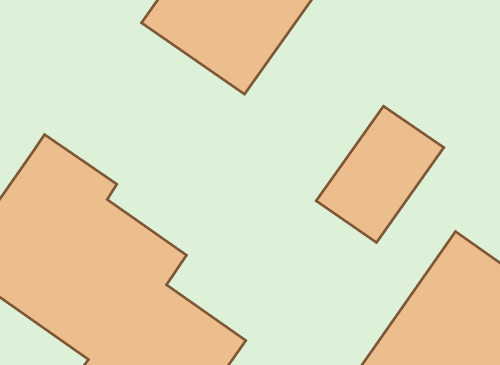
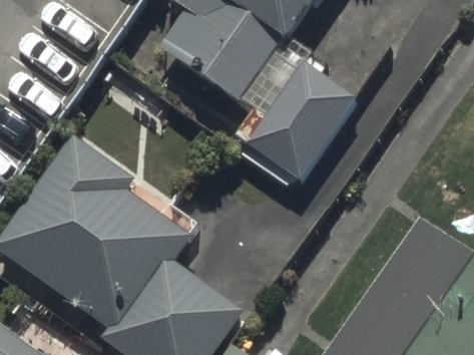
building: [316,106,444,242] -> [248,59,356,174]

